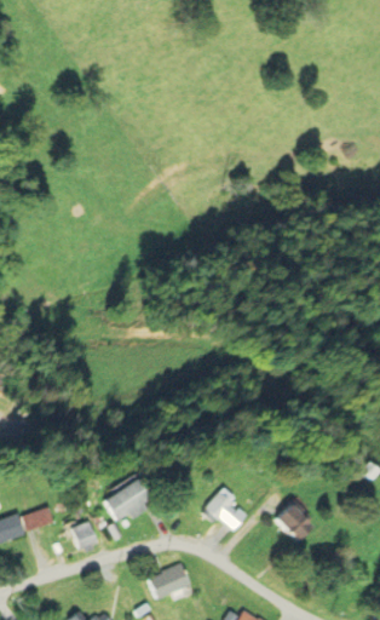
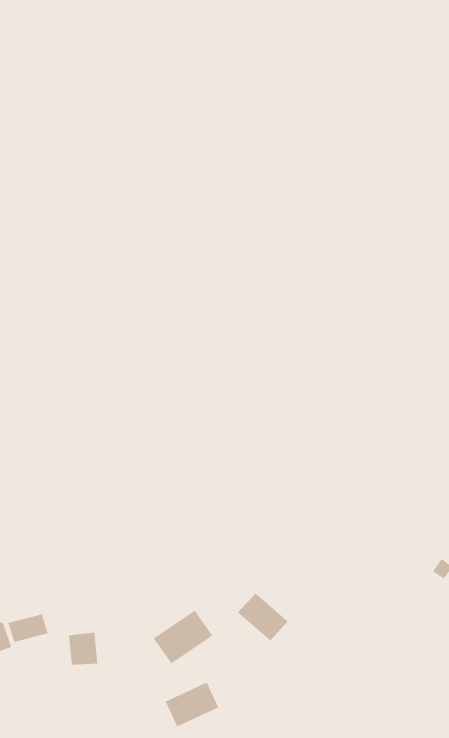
building: [103,478,151,522] -> [153,610,213,664]
building: [274,504,310,540] -> none

